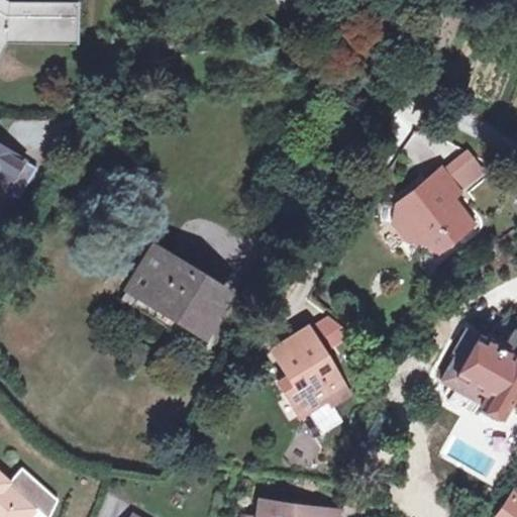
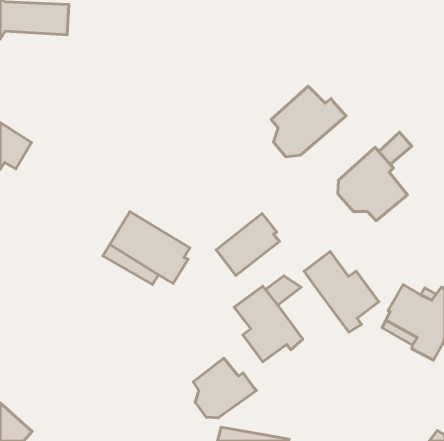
building: none -> [271,86,346,157]
building: none -> [216,214,280,275]
building: none -> [304,251,379,332]
building: none -> [193,358,256,418]

